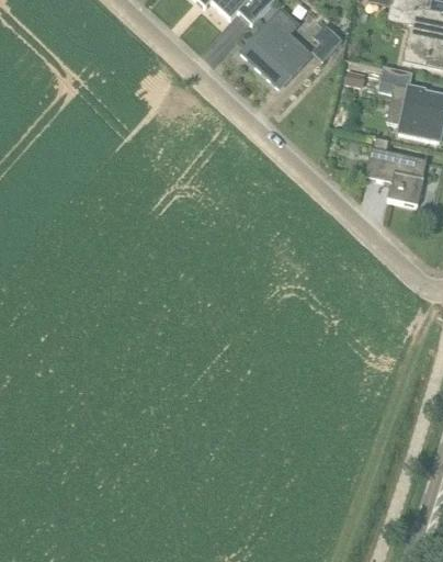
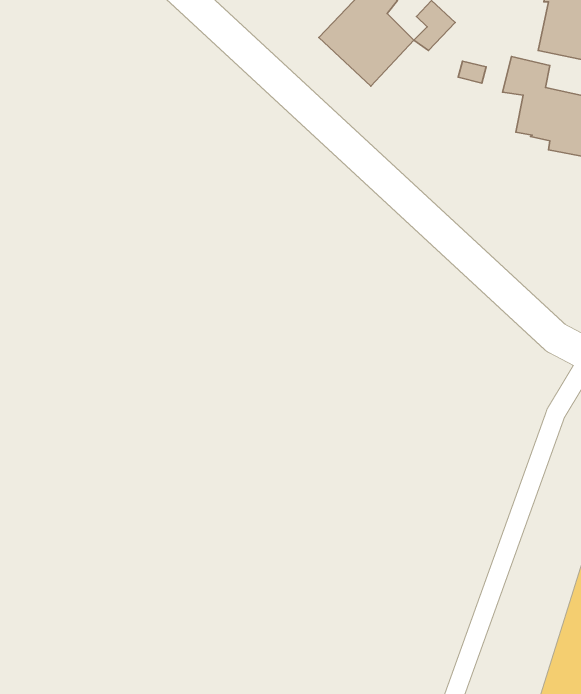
building: [365,135,427,204] -> none

